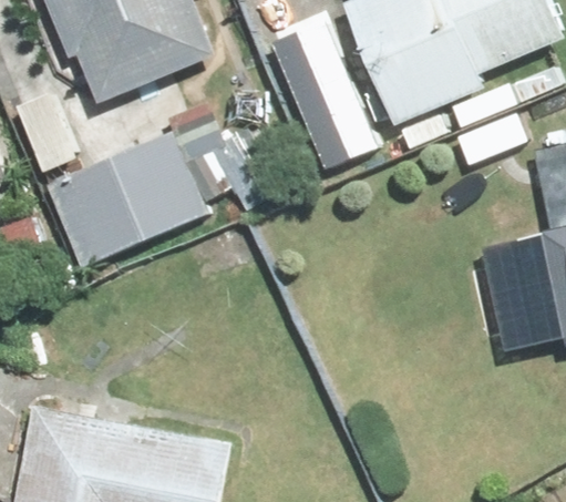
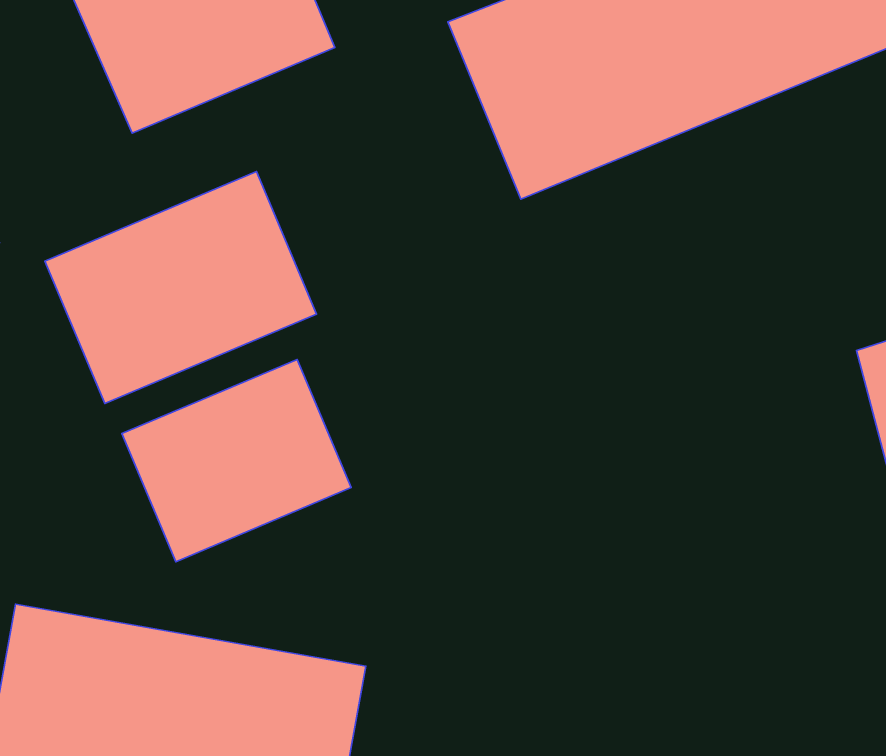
building: none -> [122,359,351,562]

